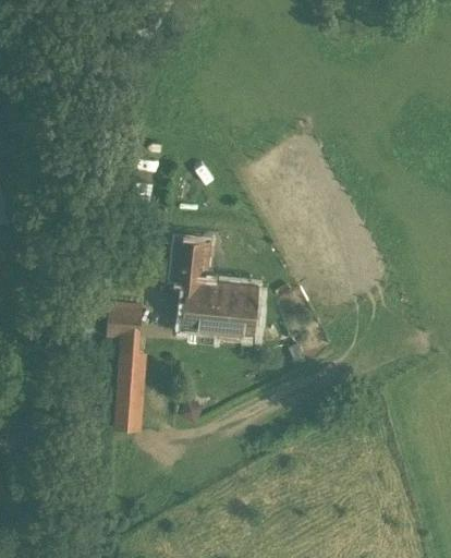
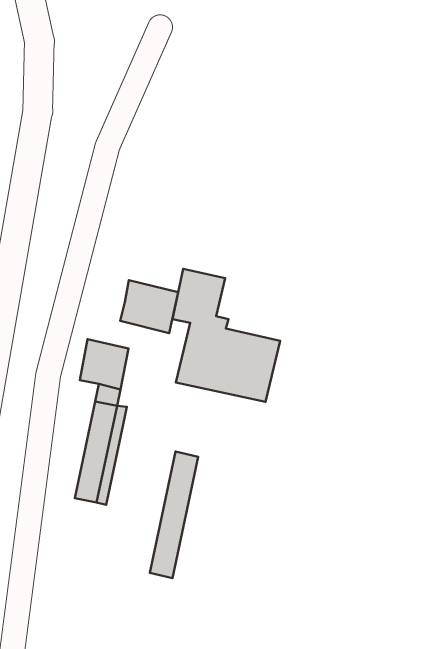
building: none -> [120,280,178,333]
building: none -> [150,451,198,578]

